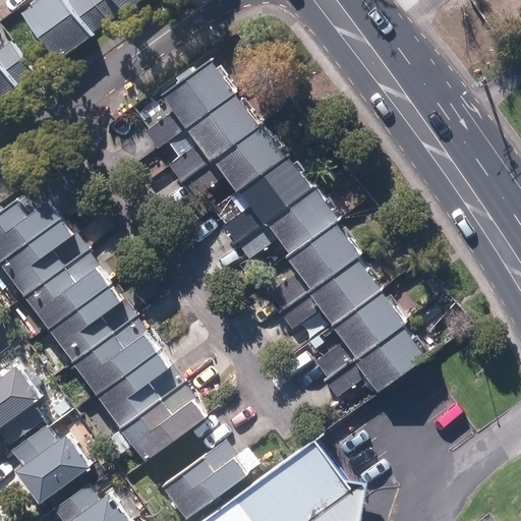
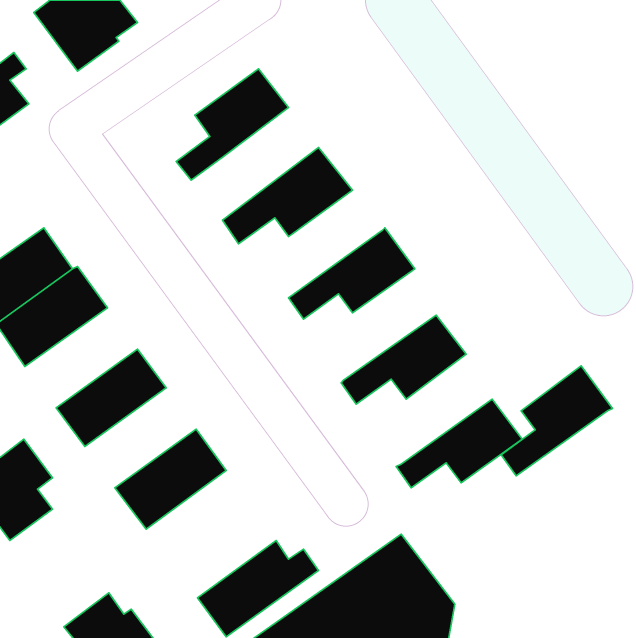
building: [167,89,259,181] -> none
building: [221,156,311,244] -> none
building: [268,222,358,310] -> none
building: [20,251,112,333] -> none
building: [314,289,405,379] -> [501,366,612,476]
building: [69,316,160,398] -> none
building: [119,384,208,464] -> none
building: [12,423,95,498] -> none

